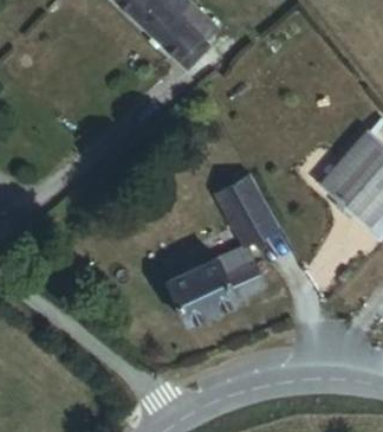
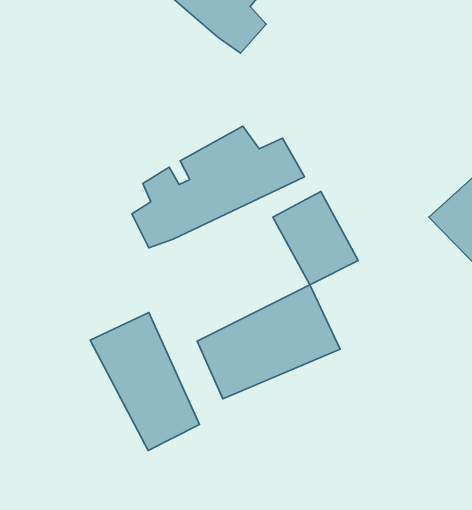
building: none -> [132,126,305,248]
building: none -> [90,312,199,451]

